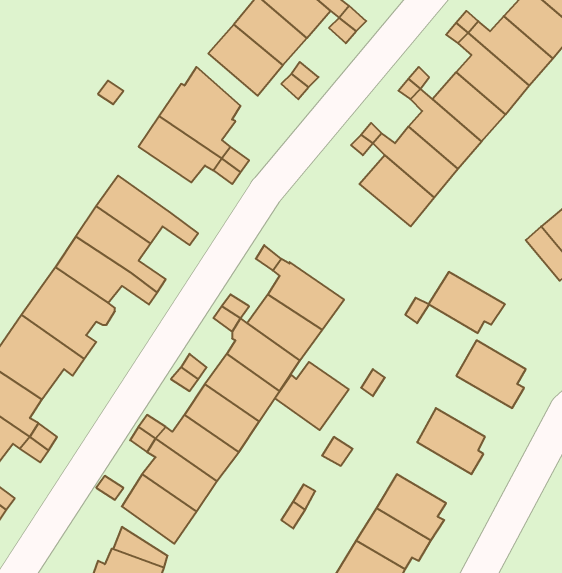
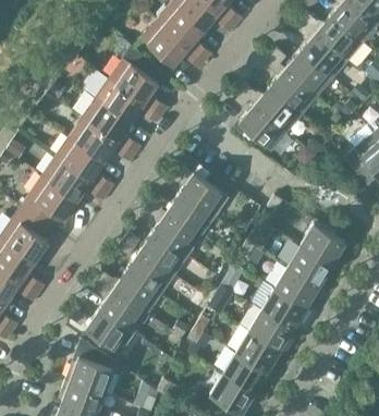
building: none -> [83,99,139,155]
building: [428,272,505,333] -> [286,246,335,285]
building: [275,362,349,430] -> none
building: none -> [261,289,309,328]

